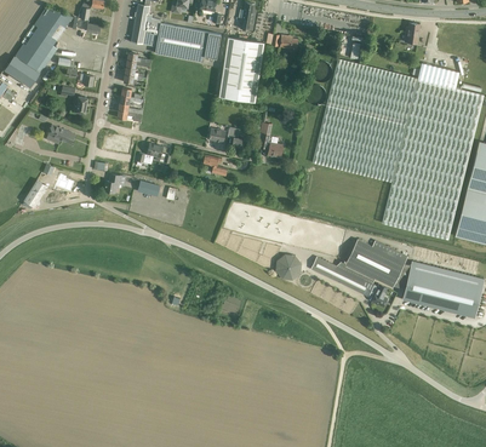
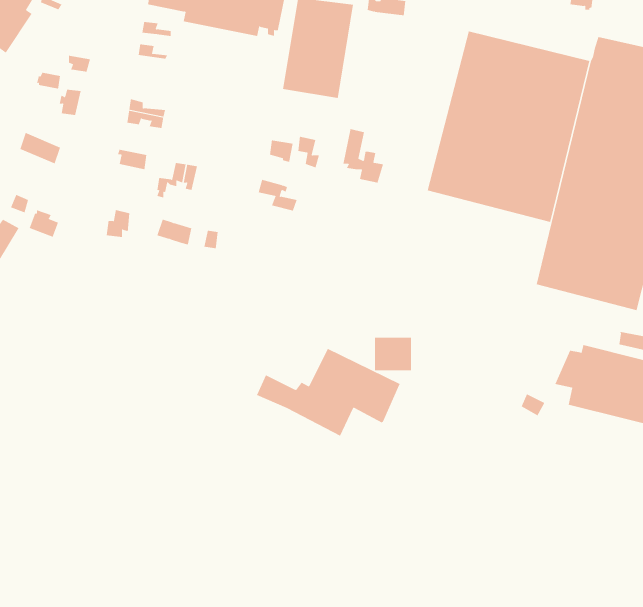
building: [311,240,405,297] -> [256,348,401,436]

